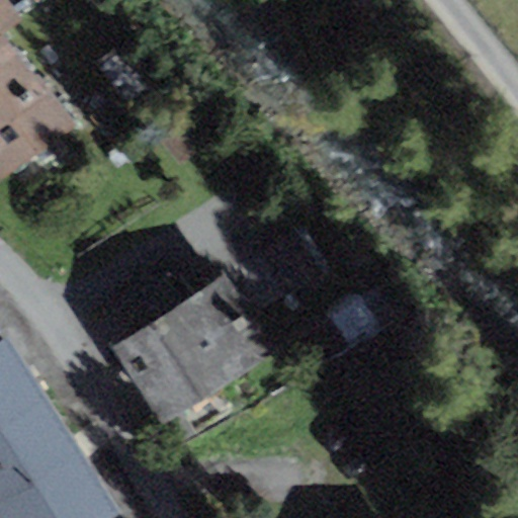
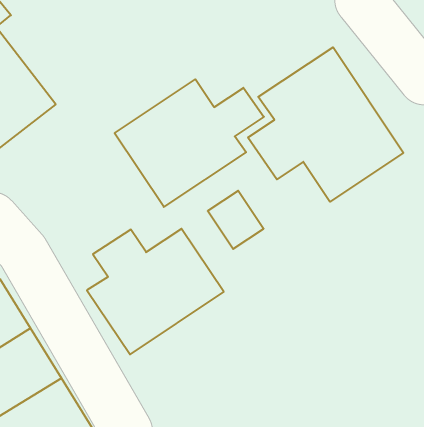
building: none -> [248,47,403,202]
building: none -> [115,79,264,207]

